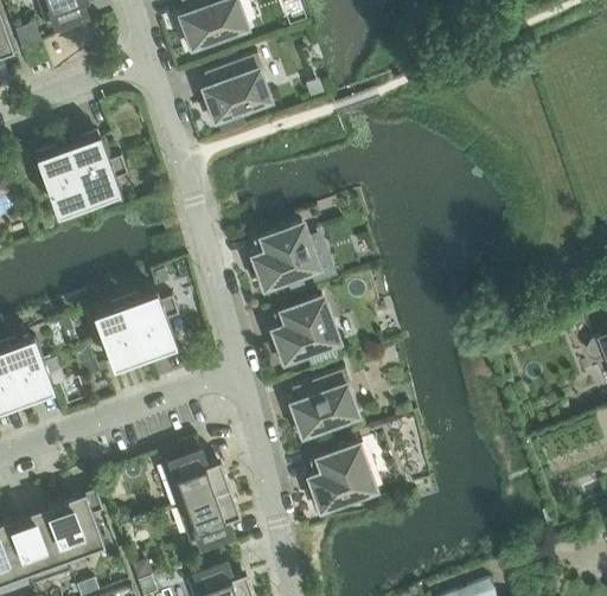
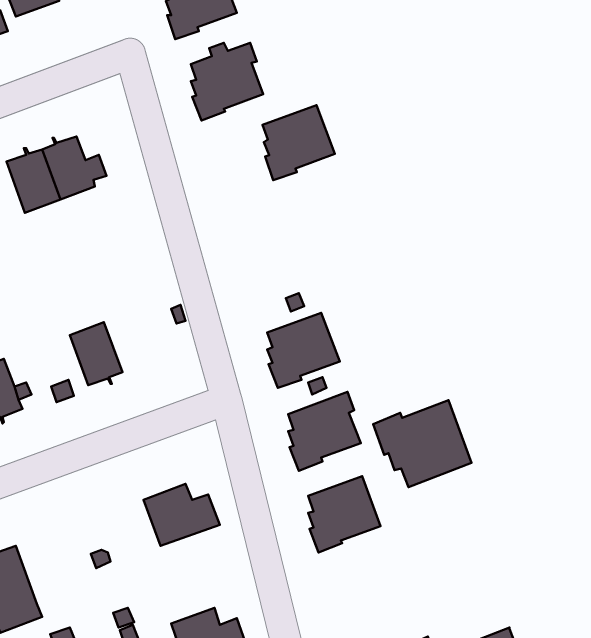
building: [254,225,319,293] -> [263,105,335,180]
building: [127,295,180,353] -> none
building: none -> [373,400,472,487]
building: [178,489,241,551] -> none
building: [47,491,106,572] -> none

